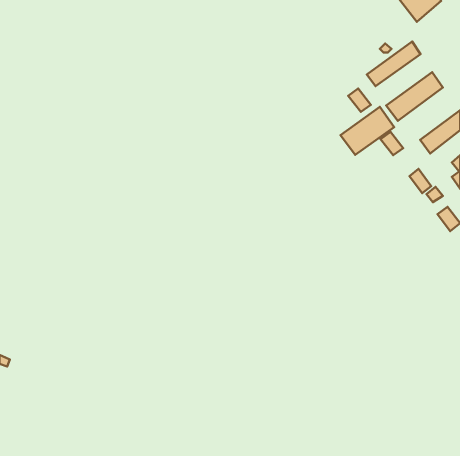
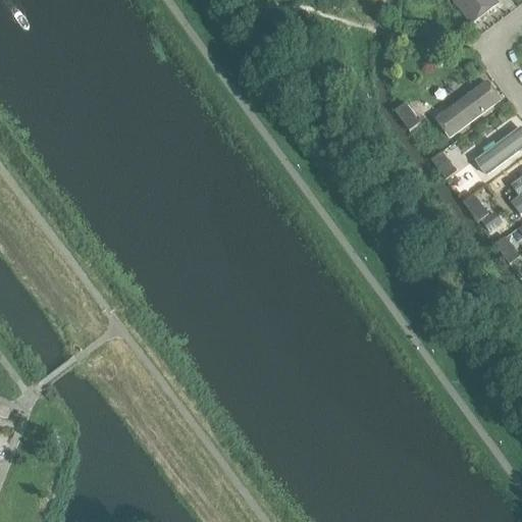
building: [367,42,421,86] -> none
building: [341,107,394,155] -> none

